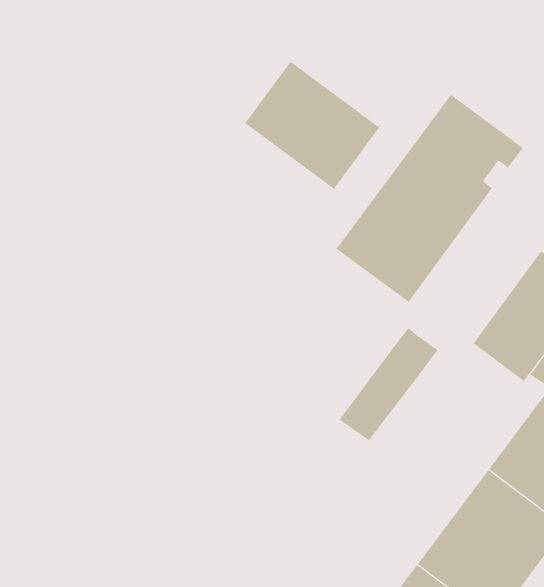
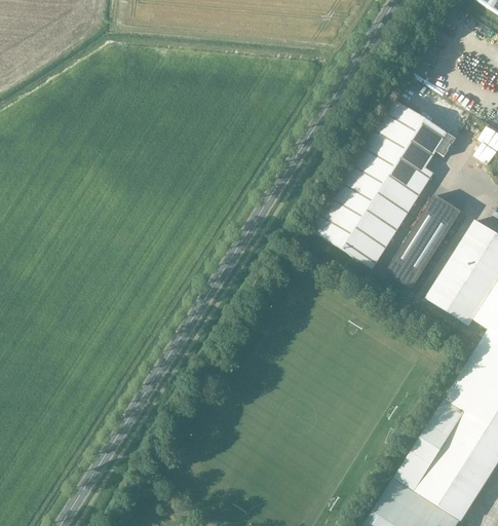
building: [244,61,381,190] -> none
building: [338,327,439,441] -> [387,195,463,289]

